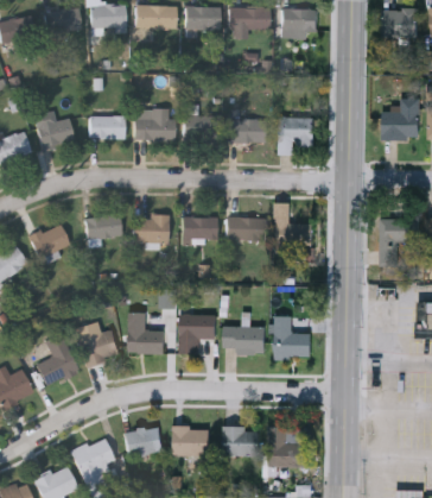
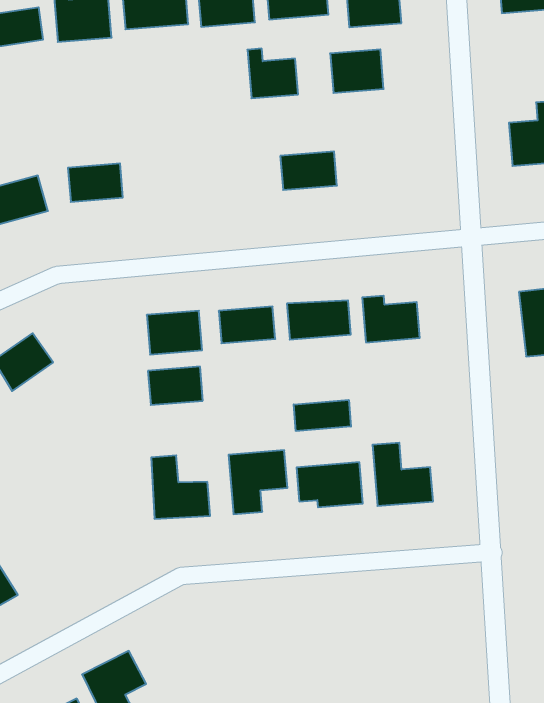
building: [185,108,216,140] -> [247,49,298,98]
building: [133,111,172,141] -> none
building: [279,116,312,143] -> [330,49,384,93]
building: [85,216,120,239] -> [148,367,203,405]
building: none -> [294,400,351,431]
building: [76,326,120,366] -> none
building: [36,334,78,385] -> none
building: [266,425,301,466] -> none
building: [123,427,161,456] -> none
building: [172,427,209,454] -> none
building: [223,427,258,455] -> none

